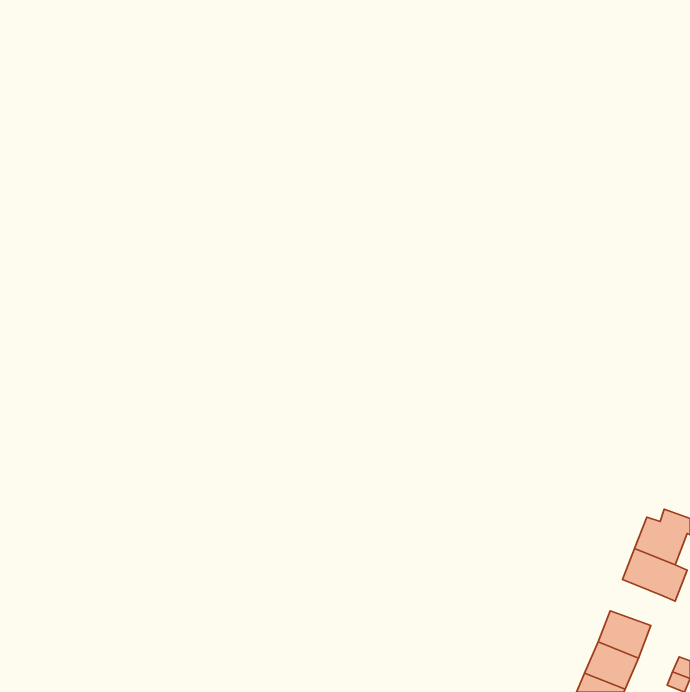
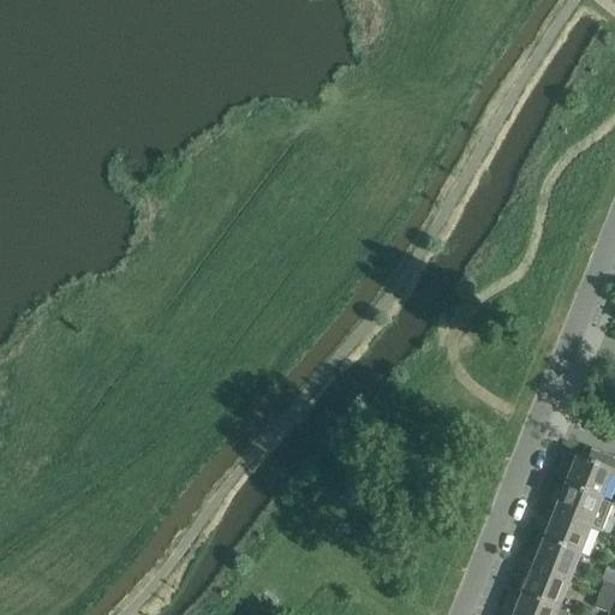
building: none -> [542,514,589,555]

